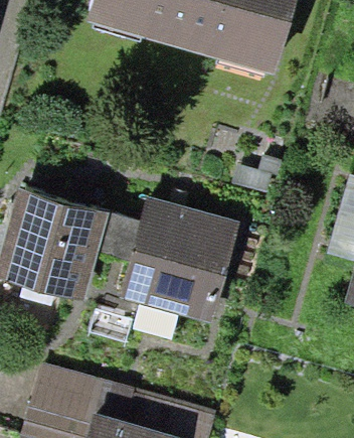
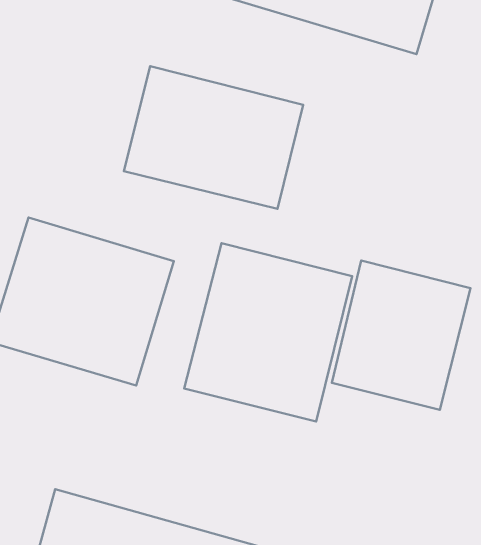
building: none -> [124,66,303,209]
building: none -> [332,261,471,410]

